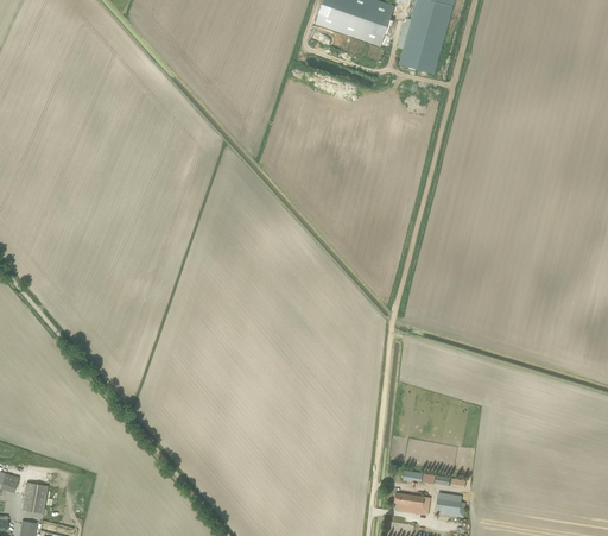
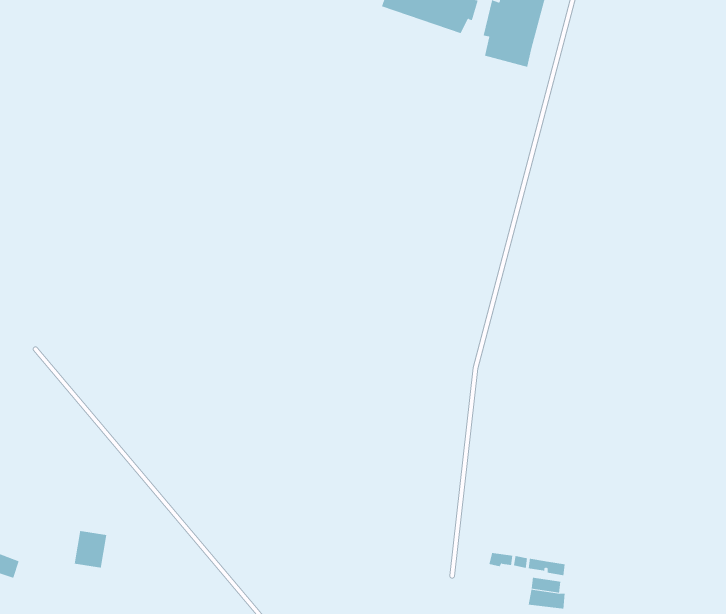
building: [21,483,49,513] -> [74,530,107,568]
building: [394,492,431,515] -> none

